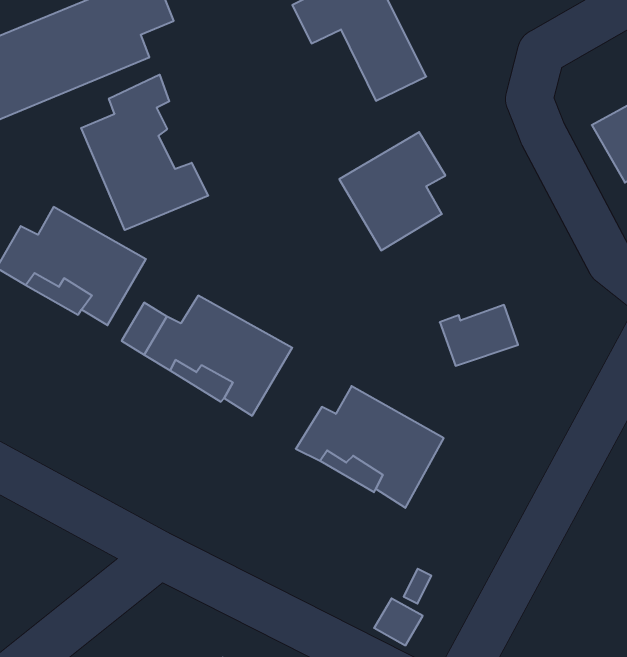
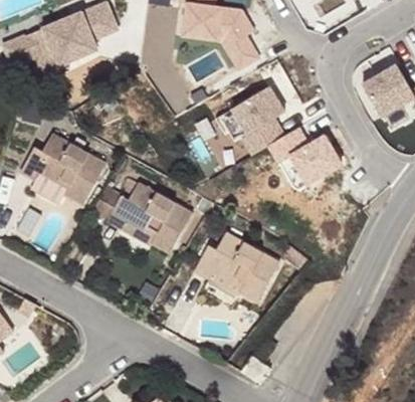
building: [81,75,208,230] -> none
building: [440,305,518,366] -> [283,147,329,182]

